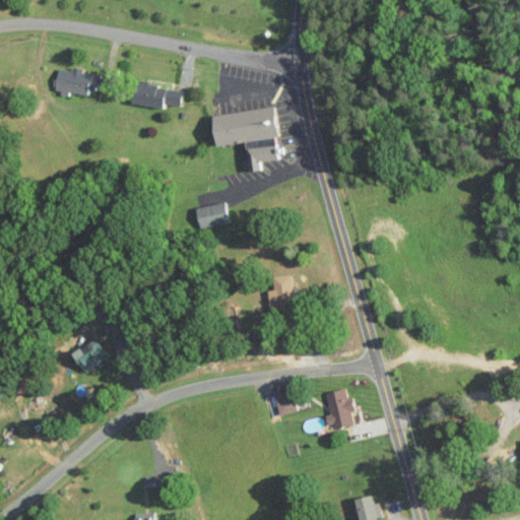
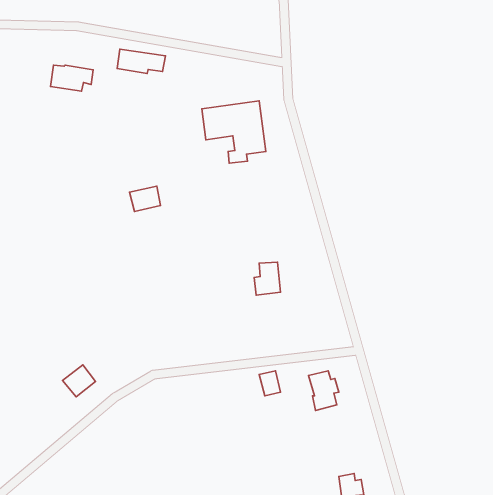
building: [131,83,182,109] -> [117,49,166,73]
building: [194,202,226,229] -> [130,186,161,211]
building: [73,339,108,373] -> [62,365,95,397]

